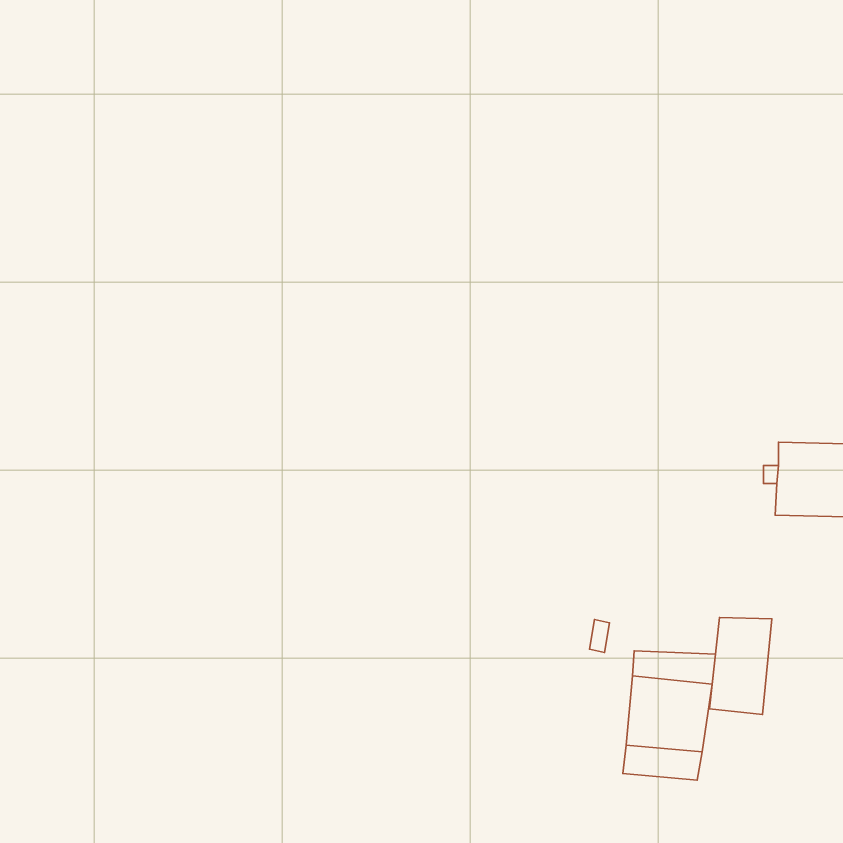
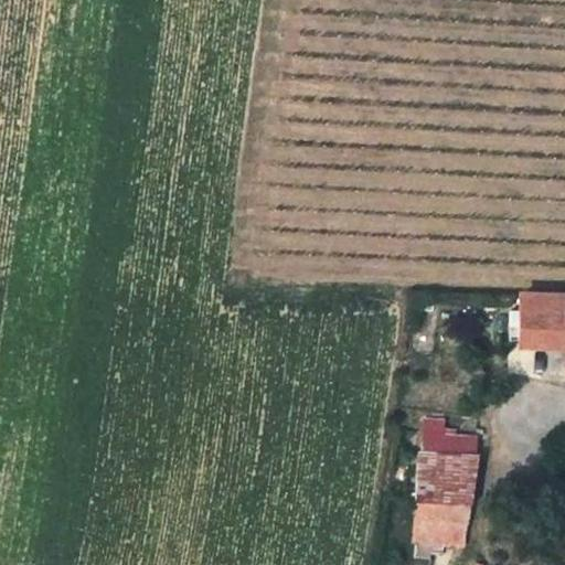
building: [709,618,772,714] -> none
building: none -> [415,518,467,545]

